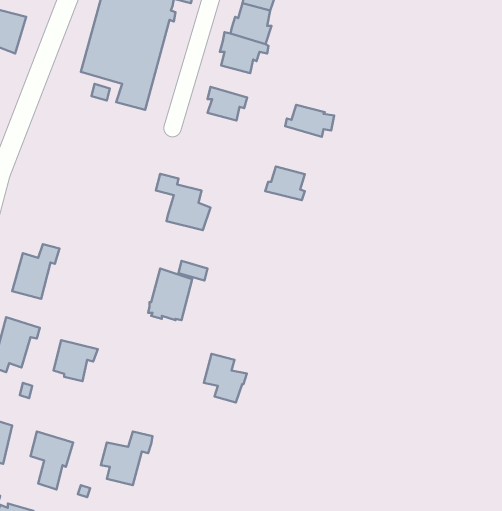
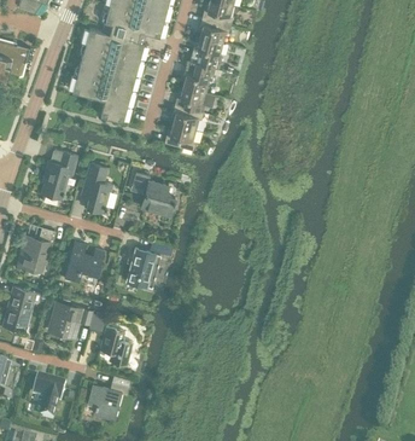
building: [285,105,334,137] -> [175,87,214,112]
building: none -> [42,151,77,205]
building: none -> [84,164,117,214]
building: [265,167,305,200] -> [164,124,195,151]
building: none -> [64,242,104,283]
building: [204,354,247,403] -> [100,327,134,366]

